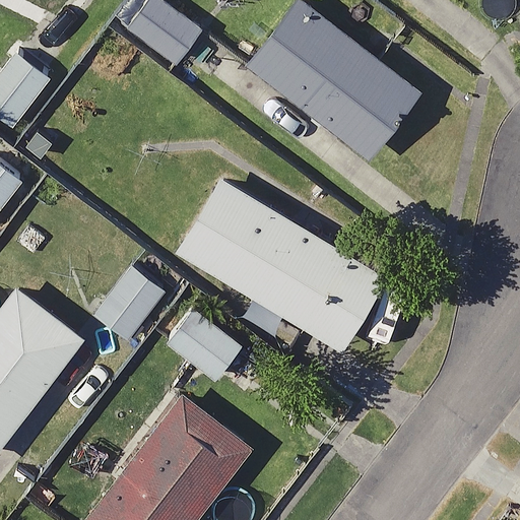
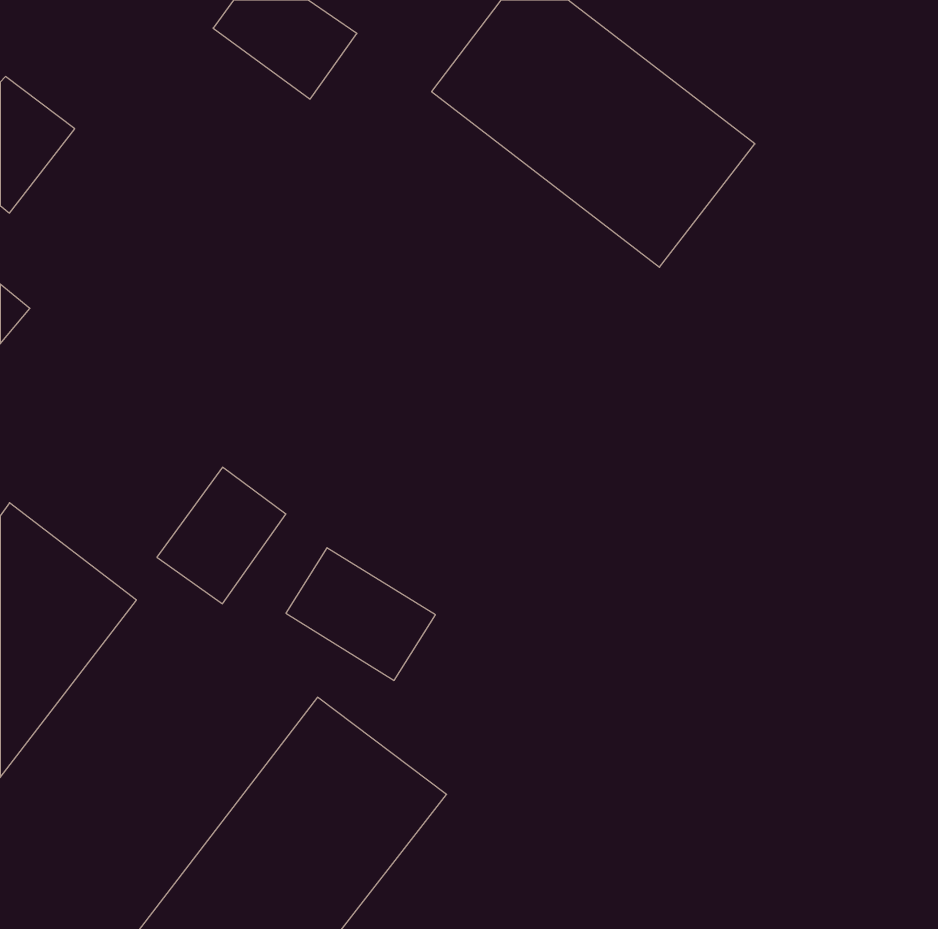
building: [175,177,385,350] -> none

